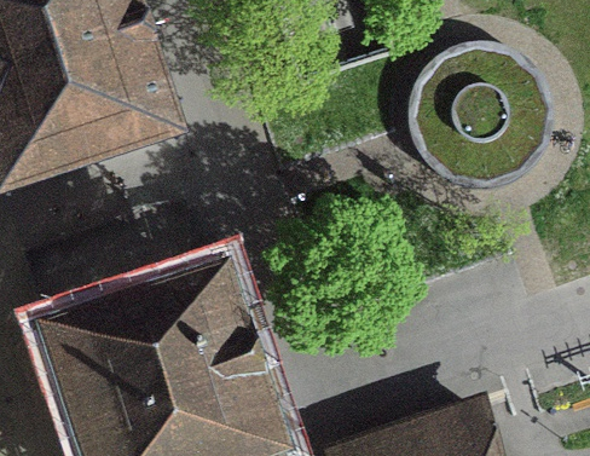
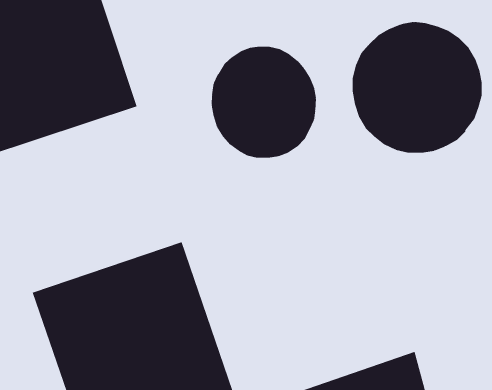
building: none -> [211,46,316,159]

